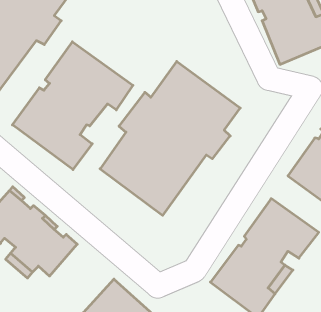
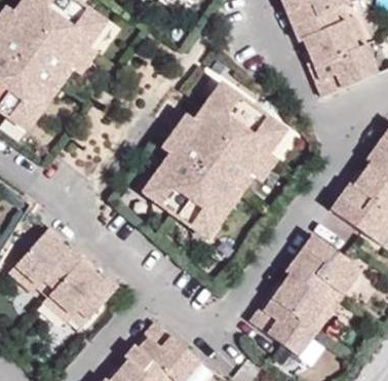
building: [12,42,133,170] -> none

